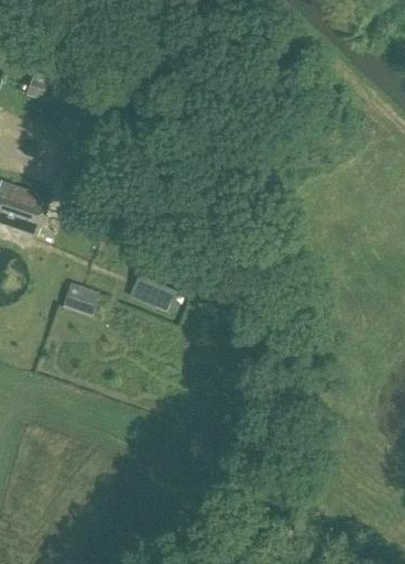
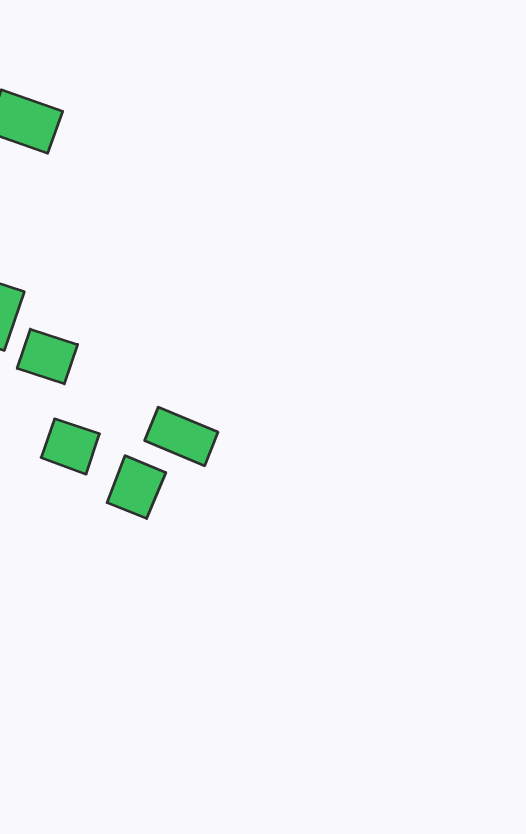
building: none -> [17,329,78,384]
building: none -> [107,456,166,519]

